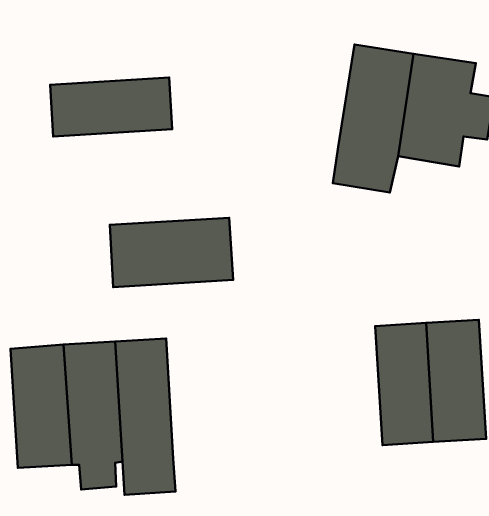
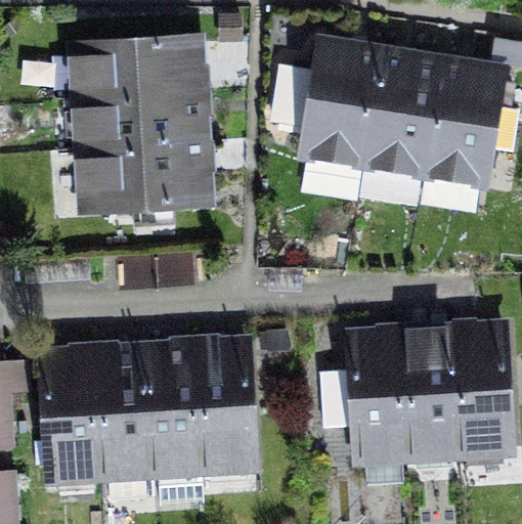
building: none -> [80,37,201,95]
building: none -> [275,45,384,157]
building: [110,218,233,287] -> [86,139,208,208]
building: none -> [323,334,411,454]
building: none -> [198,343,257,465]

